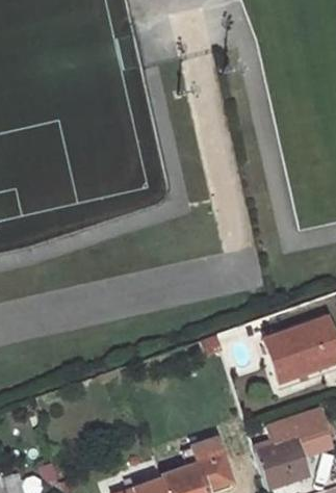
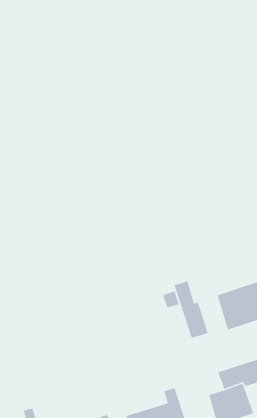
building: none -> [173,281,209,339]

